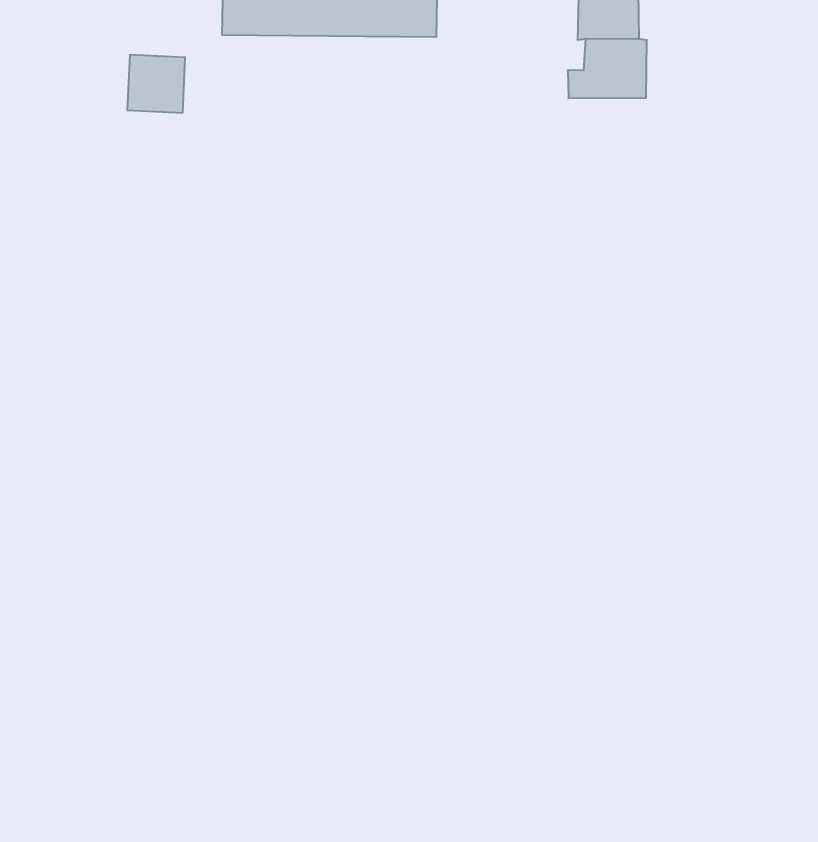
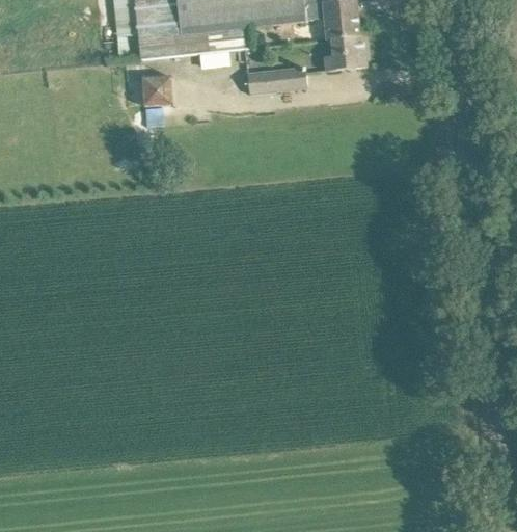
building: [127,55,185,113] -> [141,76,172,107]
building: none -> [246,66,306,94]

